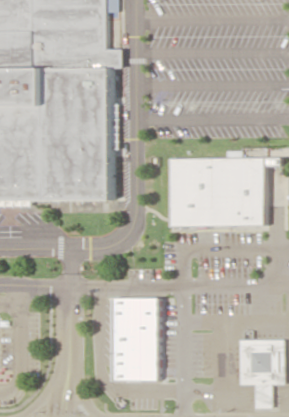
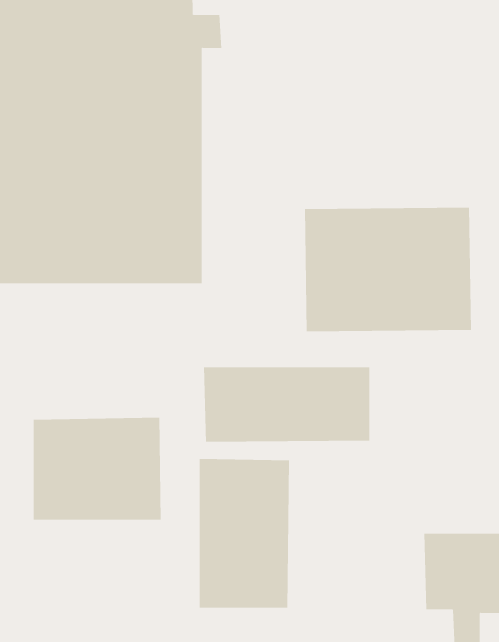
building: none -> [203,366,370,443]
building: none -> [33,417,161,521]

